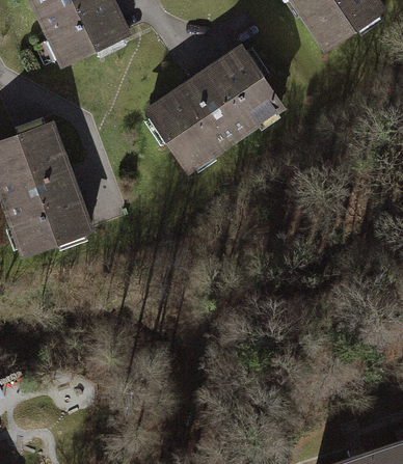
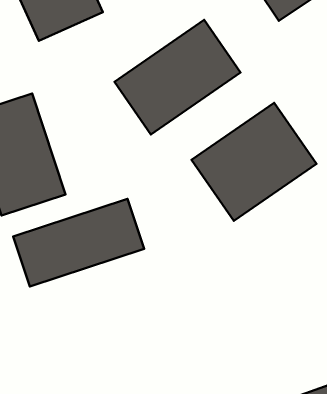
building: none -> [192,103,317,221]
building: none -> [13,199,144,287]

